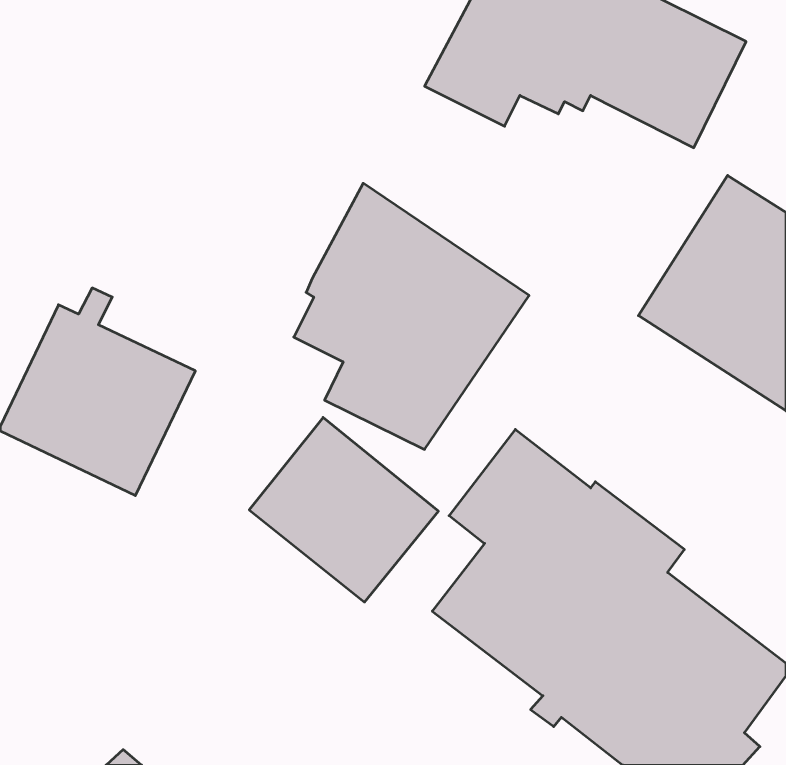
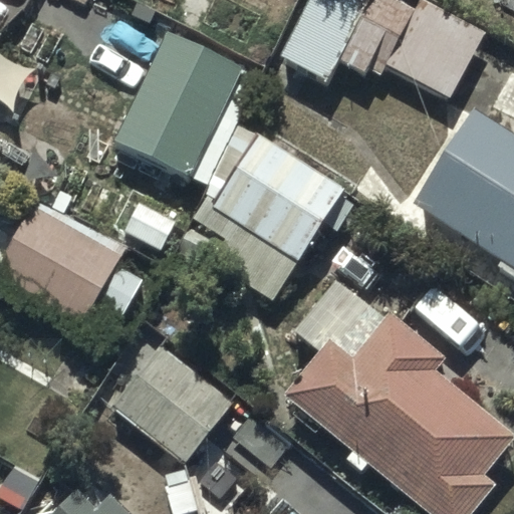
building: none -> [113,30,259,182]
building: [249,417,438,602] -> [113,343,237,464]

